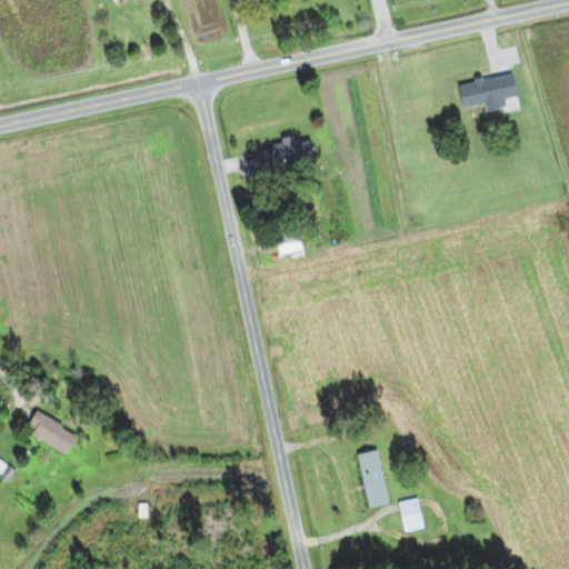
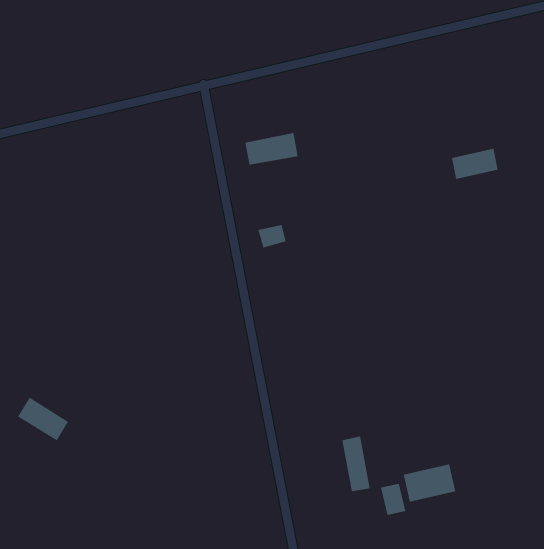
building: [458,76,507,108] -> [451,148,499,180]
building: none -> [403,464,456,502]

